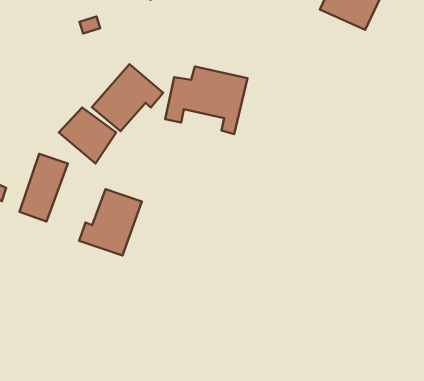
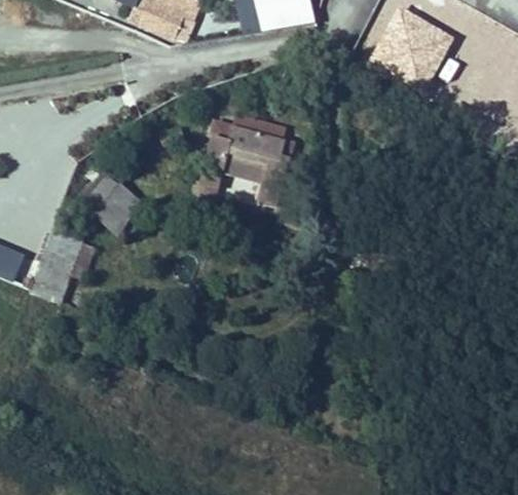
building: [92,64,163,131] -> none
building: [79,189,142,256] -> none

